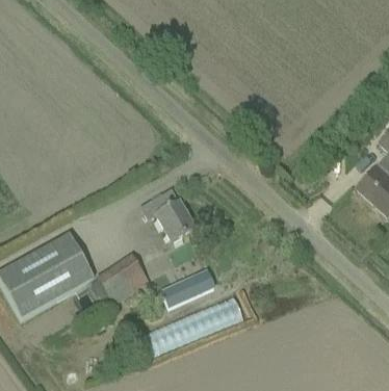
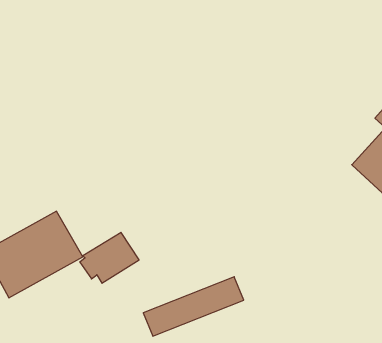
building: [141,188,196,241] -> none
building: [160,269,214,307] -> none

